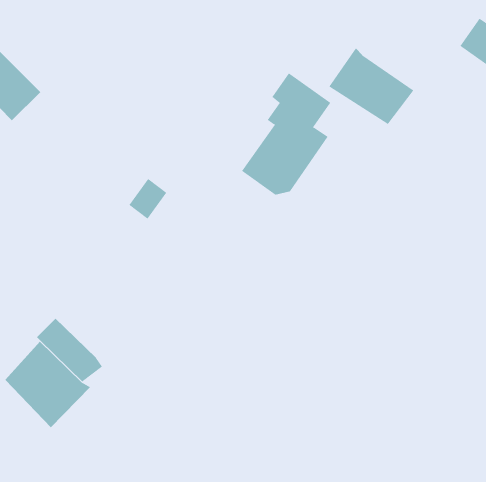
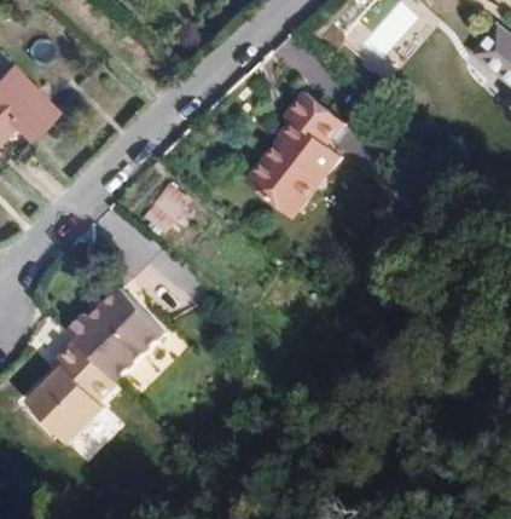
building: [329,47,414,125] -> none
building: none -> [66,281,158,374]

